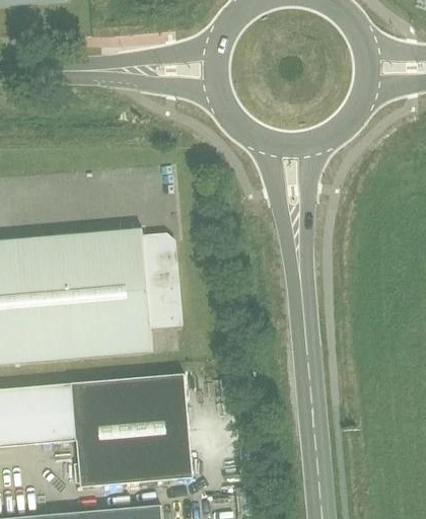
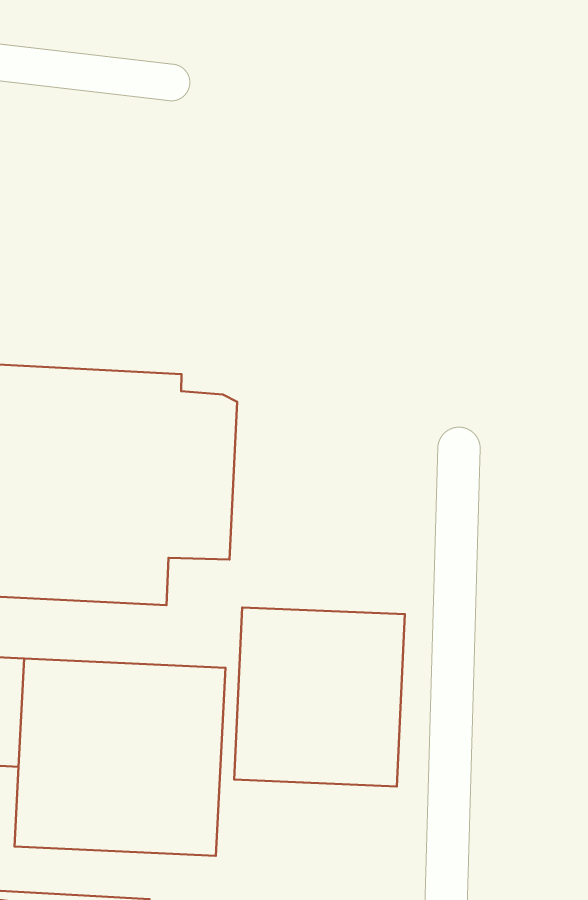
building: none -> [234,607,405,786]

